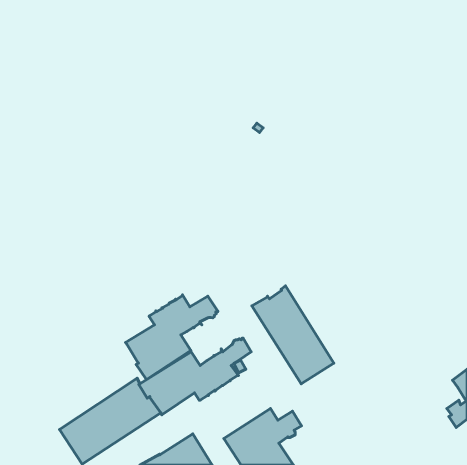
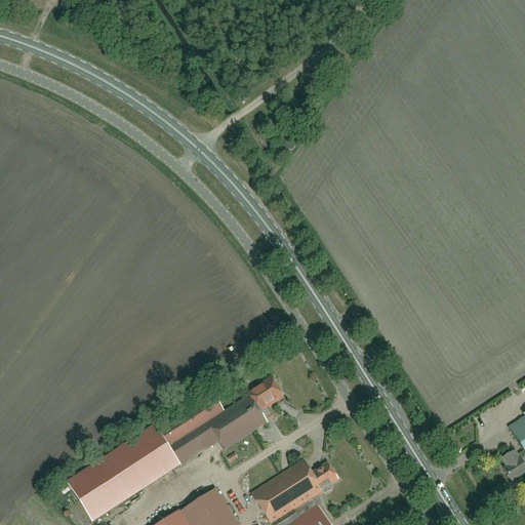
building: [252,286,334,384] -> none
building: [125,295,218,379] -> none

